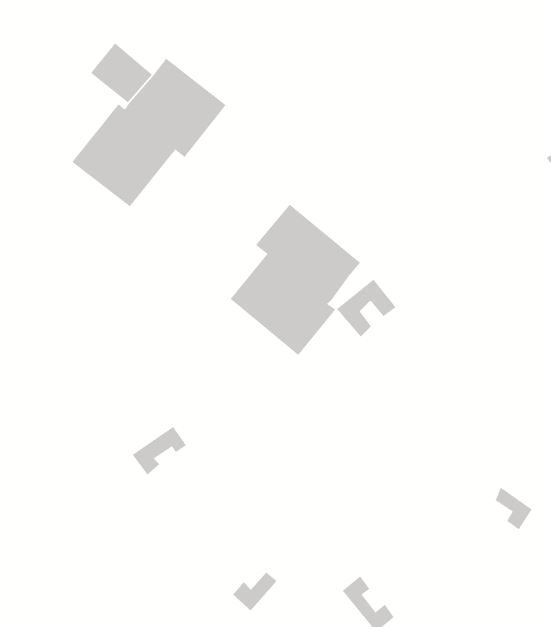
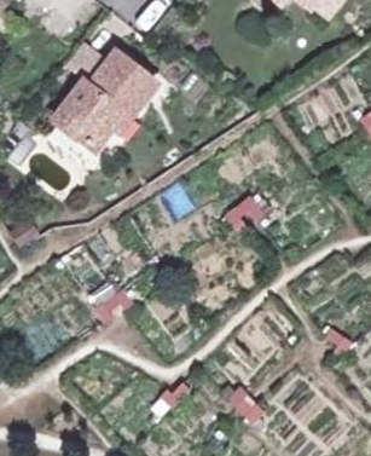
building: [230,204,361,356] -> none

